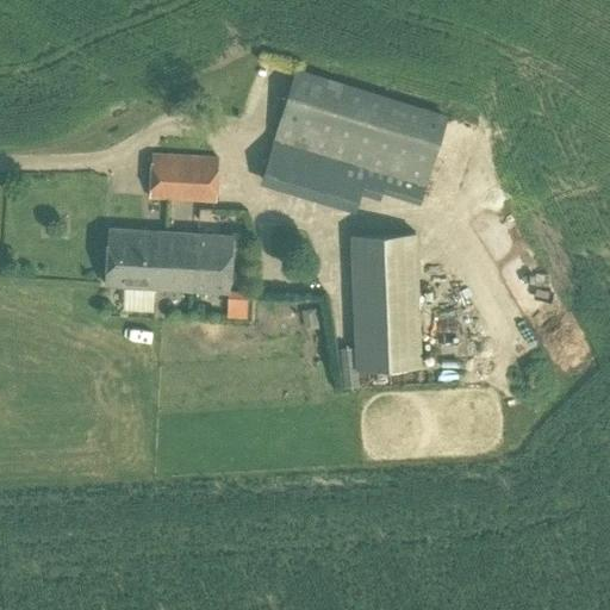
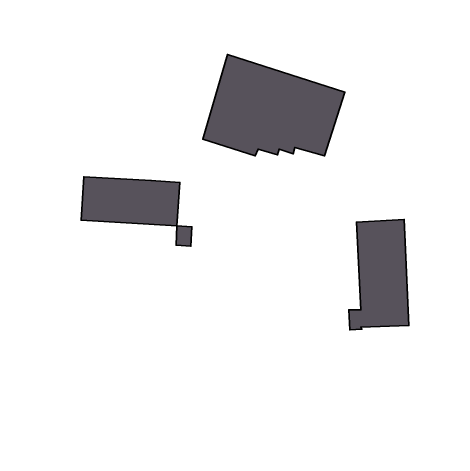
building: [151,155,219,201] -> none
building: [344,232,422,375] -> [349,219,409,330]

